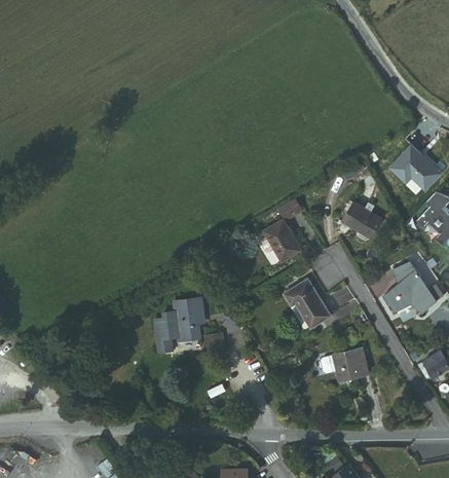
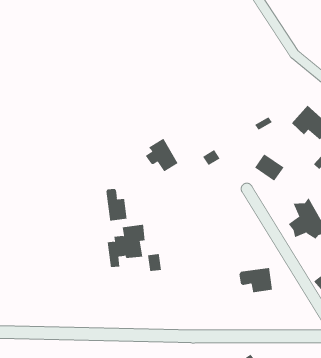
building: [252,221,294,264] -> [145,138,179,172]
building: none -> [106,188,127,221]
building: [282,280,327,327] -> none

